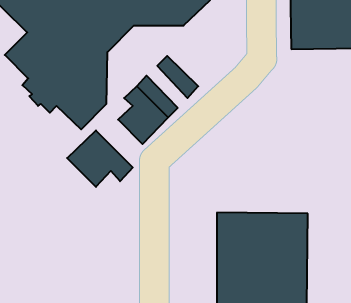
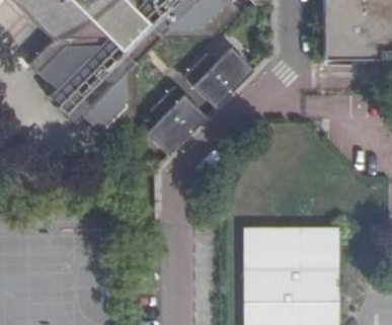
building: none -> [194,44,254,95]
building: [67,130,133,187] -> none

